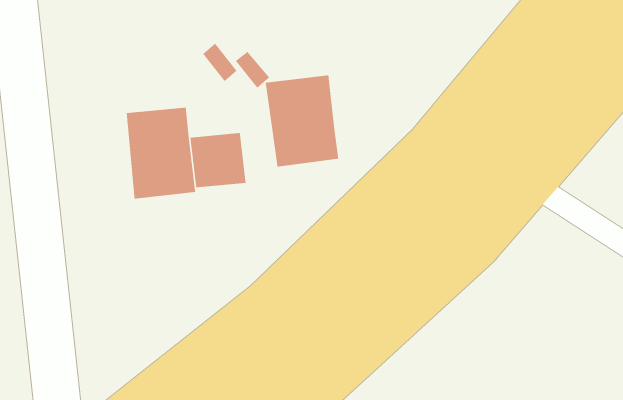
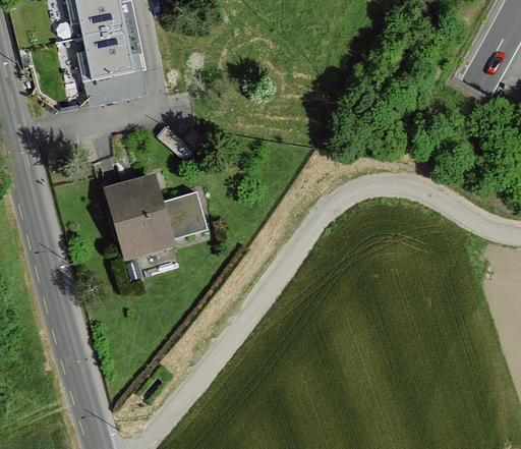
building: [265,75,339,167] -> none

